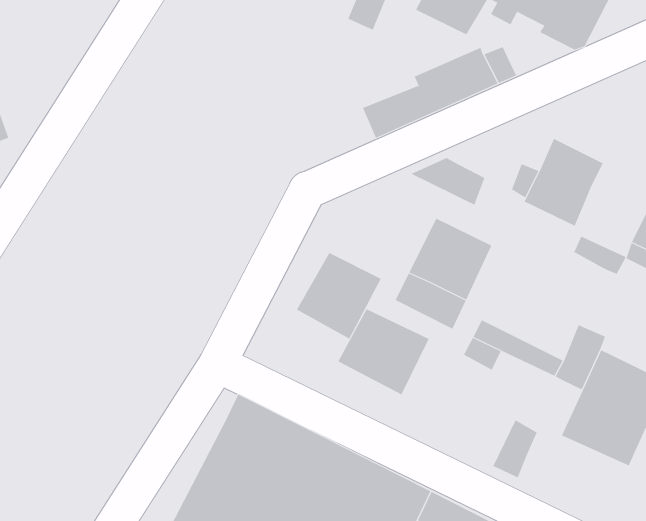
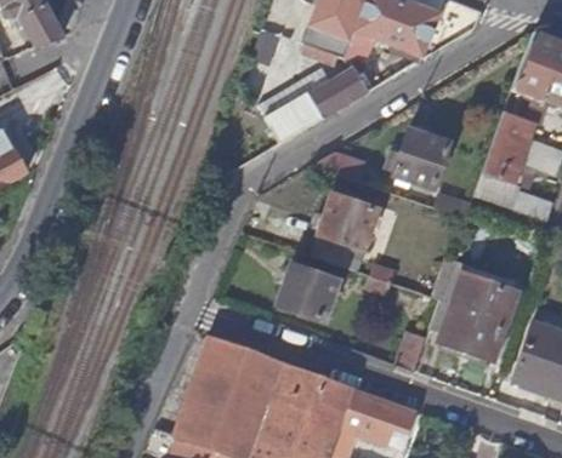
building: [296,252,381,340] -> none

